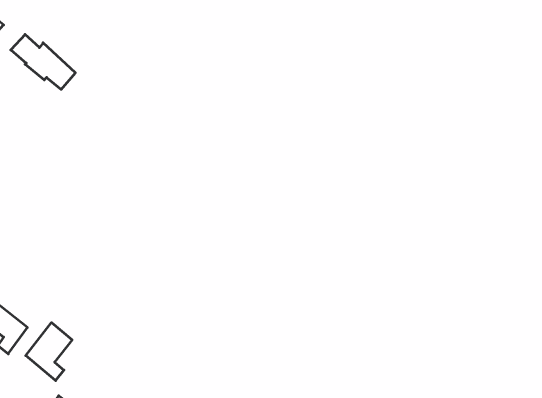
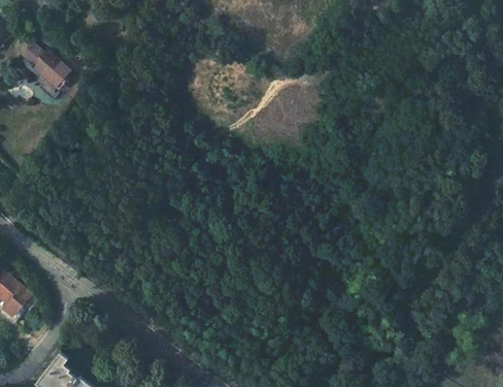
building: [26,323,72,381] -> none

